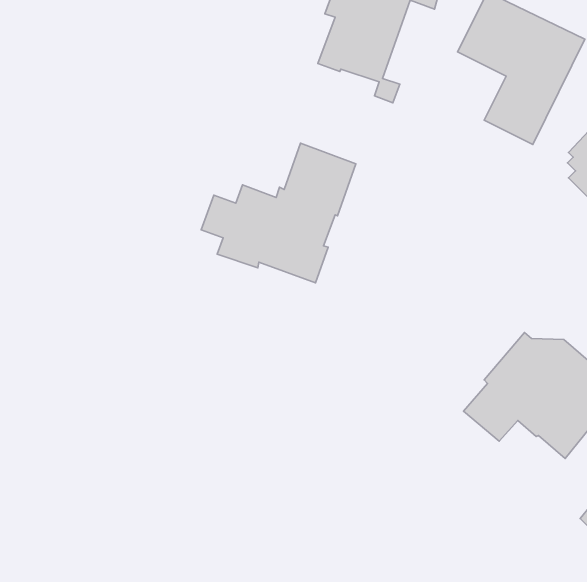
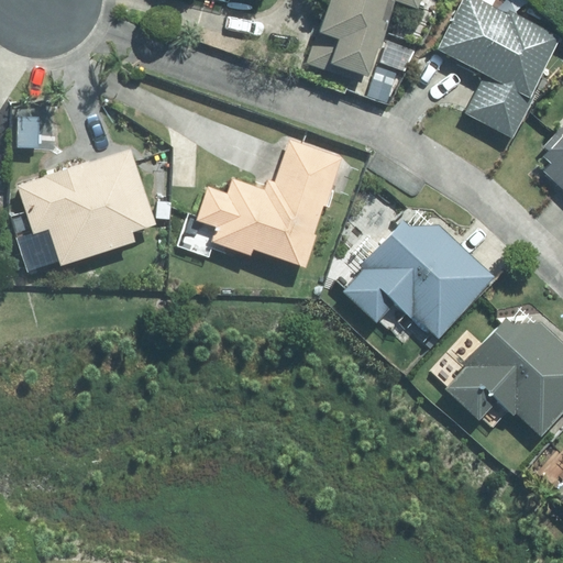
building: none -> [18,150,155,266]
building: none -> [342,224,494,338]

